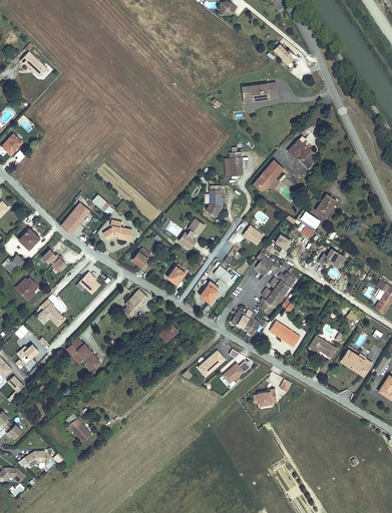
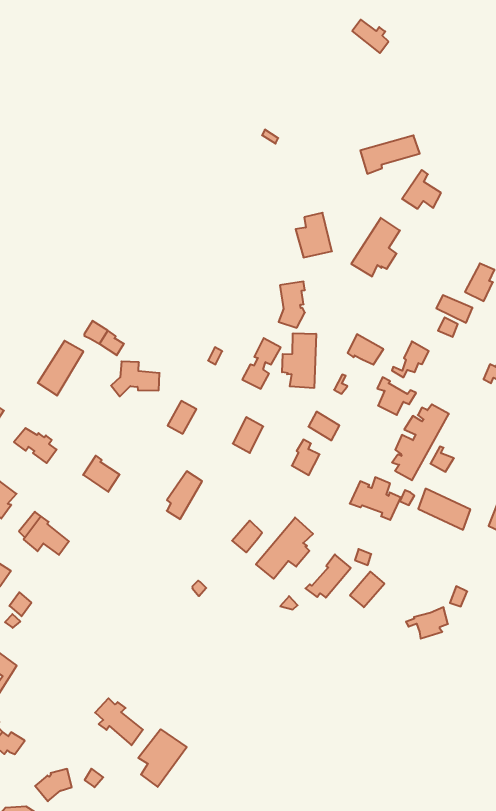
building: [244,82,278,100] -> [360,135,420,174]
building: none -> [282,333,316,388]
building: none -> [256,517,313,579]
building: [65,337,100,369] -> none
building: none -> [138,729,187,787]

